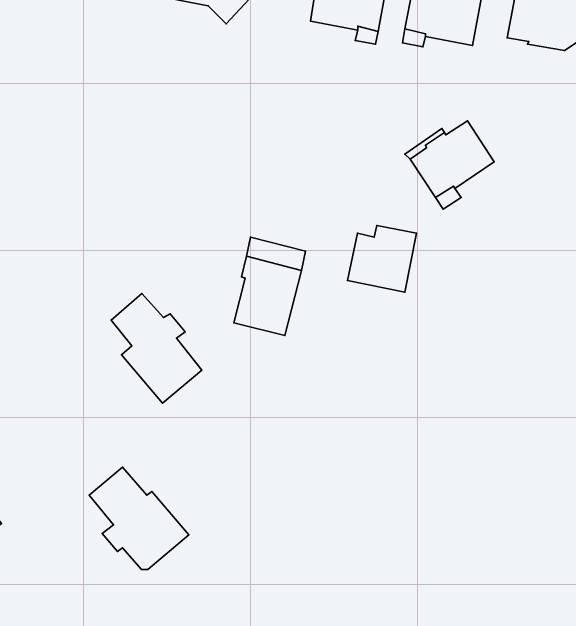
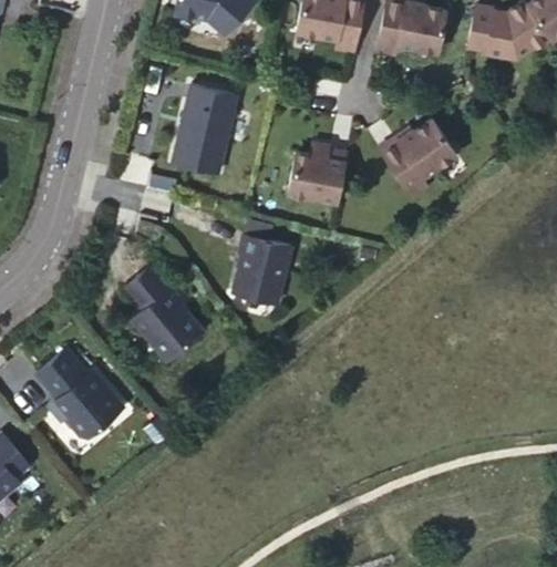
building: none -> [171,86,236,175]
building: [347,226,416,292] -> [287,144,347,202]
building: [89,467,189,569] -> [38,352,124,441]

